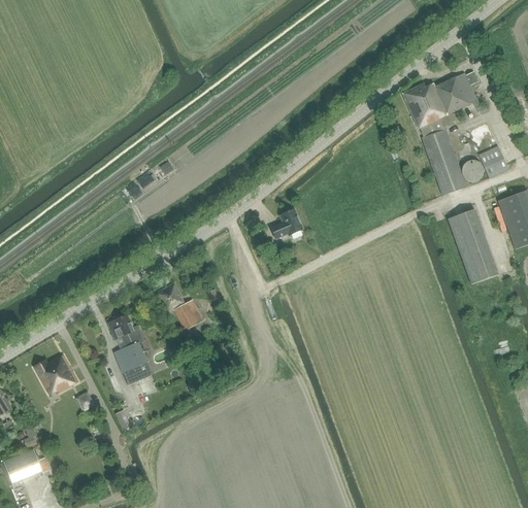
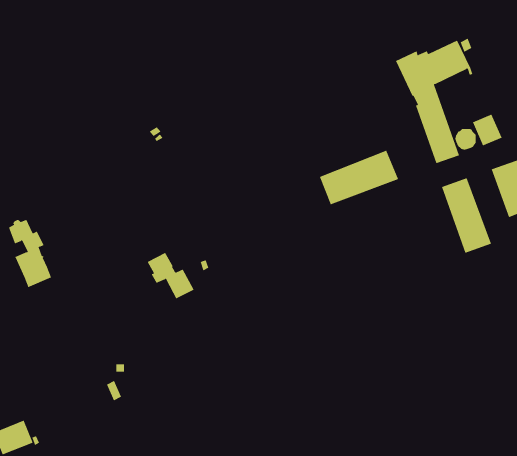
building: none -> [319,150,399,205]
building: [270,208,303,238] -> none
building: [108,314,152,382] -> [8,219,52,288]
building: [33,353,78,395] -> none

